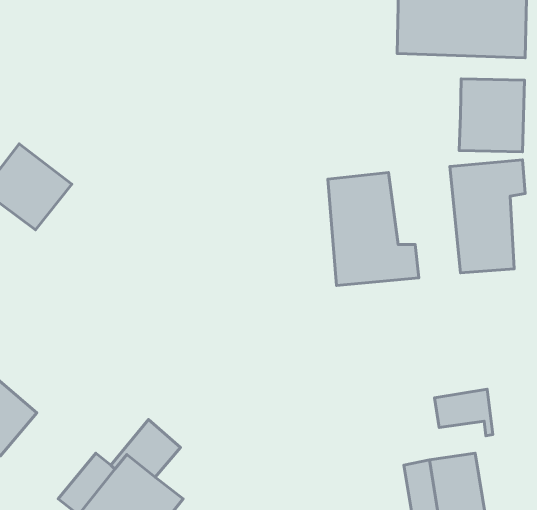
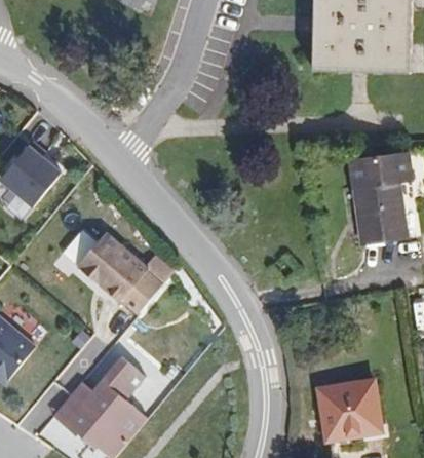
building: [459,79,525,152] -> none
building: [328,173,419,286] -> none
building: none -> [78,230,164,312]
building: [435,389,493,436] -> none

